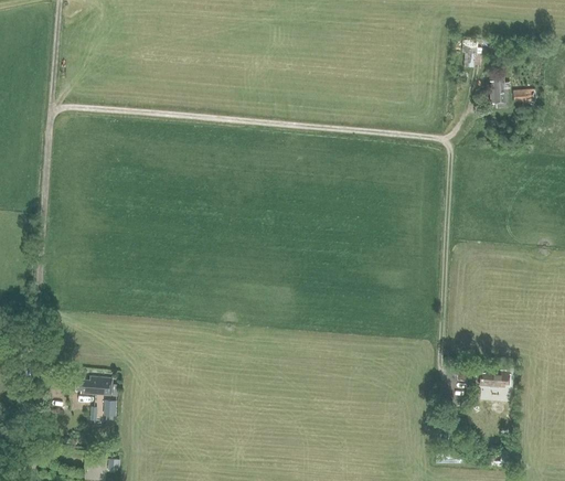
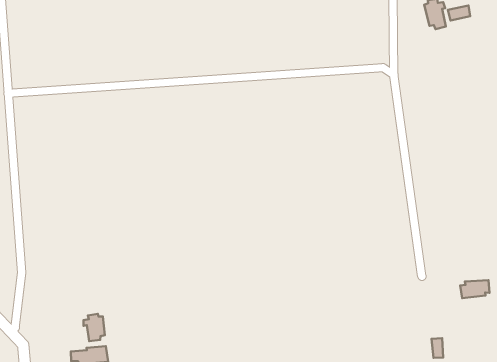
building: none -> [83,314,105,341]

